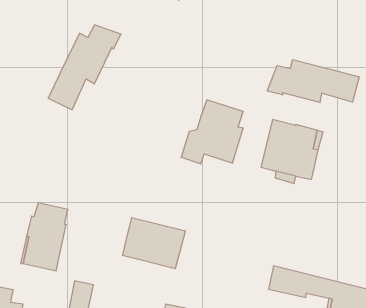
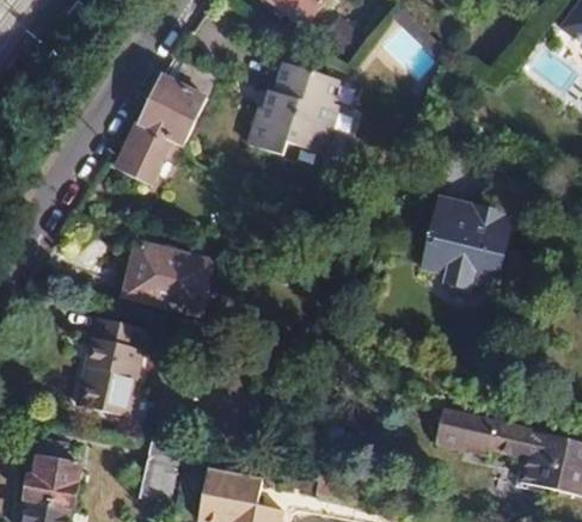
building: [267,60,359,103] -> none
building: [181,100,243,164] -> [247,63,337,155]
building: [122,218,185,268] -> [122,242,213,315]

